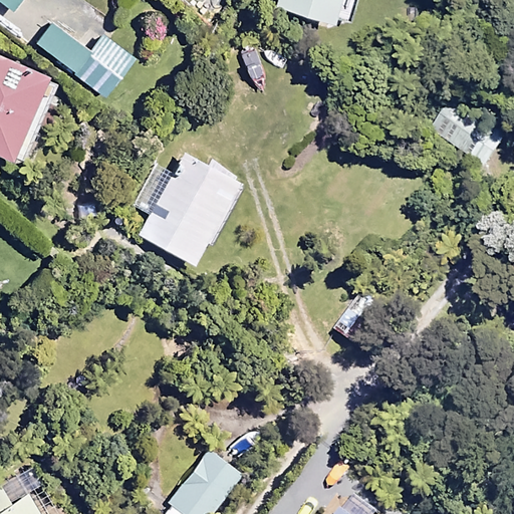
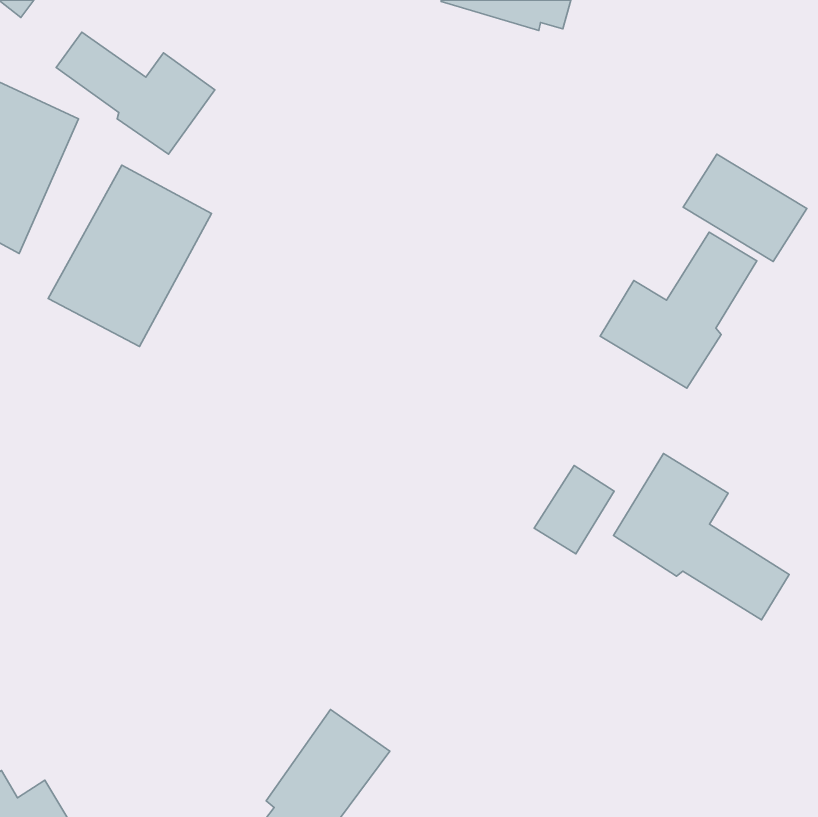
building: none -> [600,232,757,388]
building: [139,152,241,265] -> [48,165,212,347]
building: none -> [613,453,789,620]

